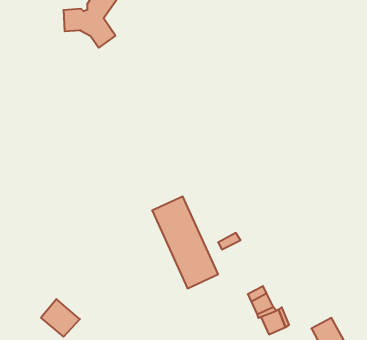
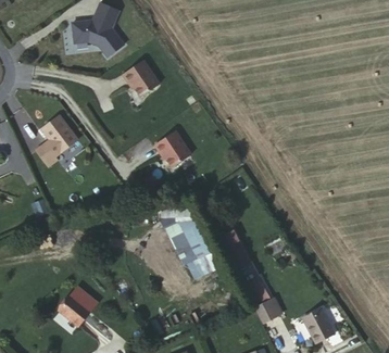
building: none -> [123,60,160,96]
building: none -> [34,114,77,166]
building: none -> [154,128,191,165]

